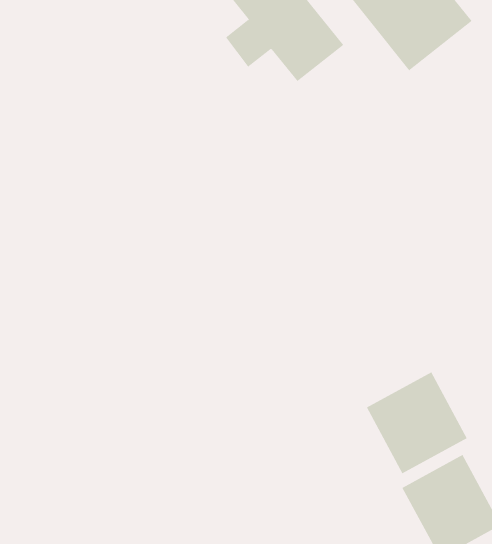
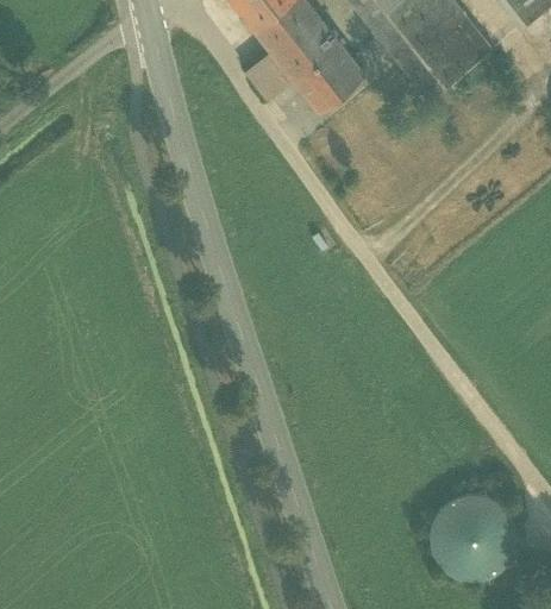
building: [366,372,468,474] -> none

